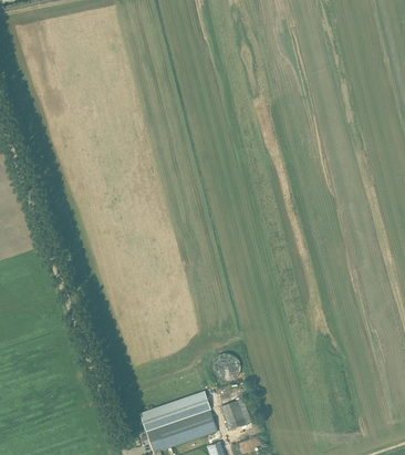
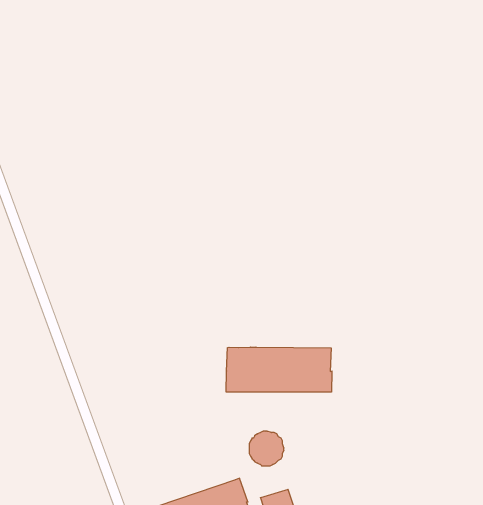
building: none -> [226,347,332,392]

